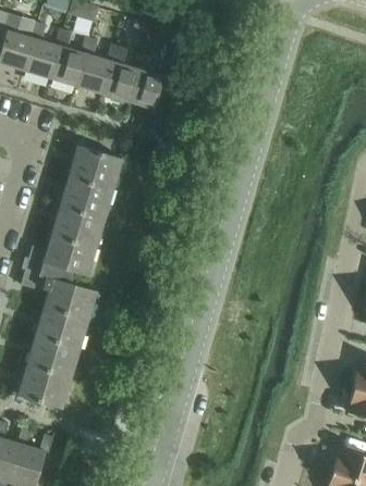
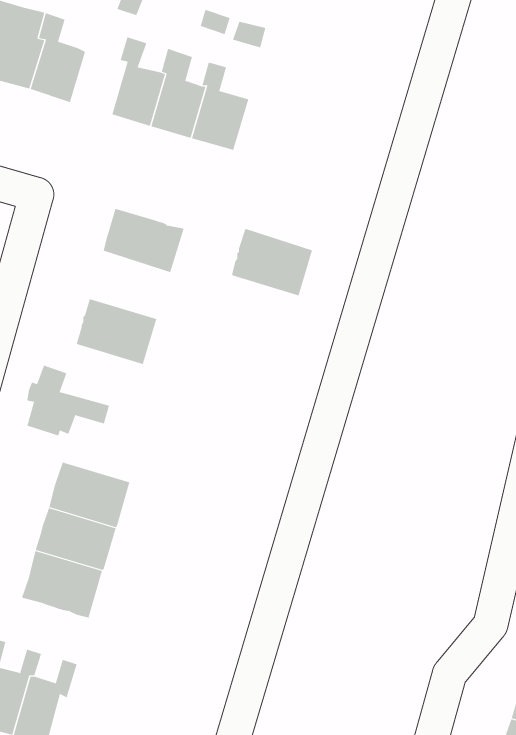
building: [49,28,85,86] -> none
building: [61,173,113,216] -> [231,228,313,296]
building: [42,233,96,275] -> none
building: [44,278,96,321] -> none

